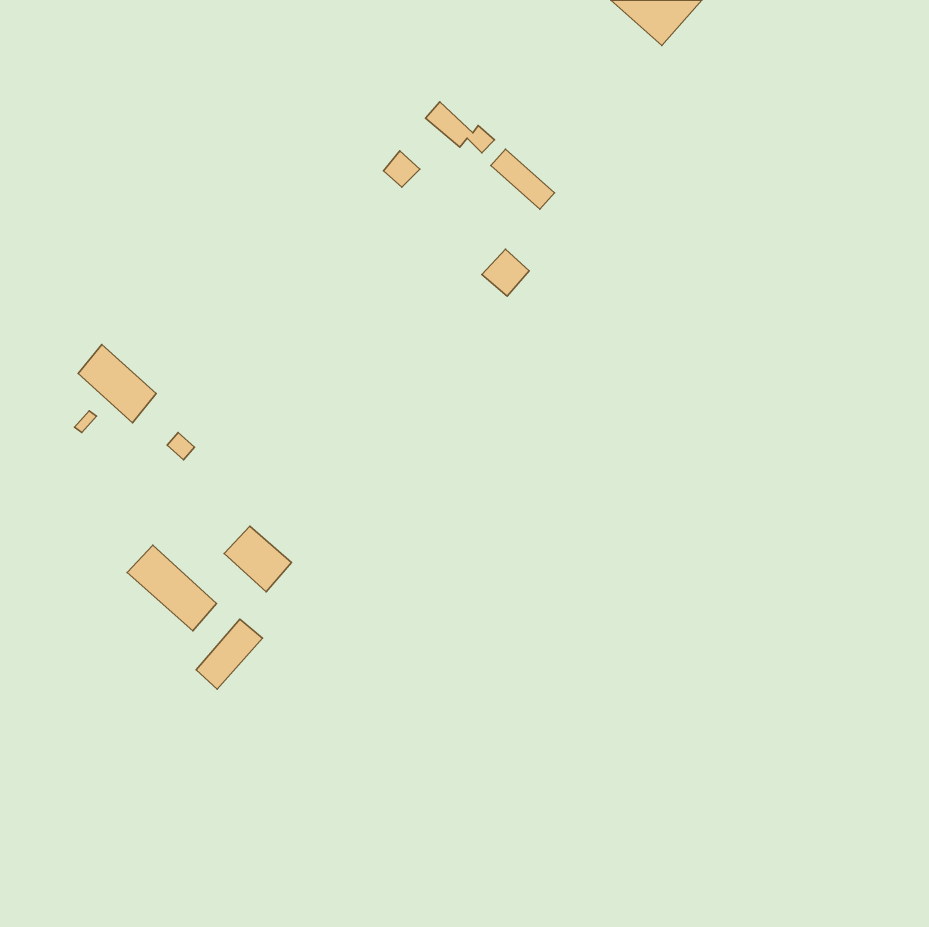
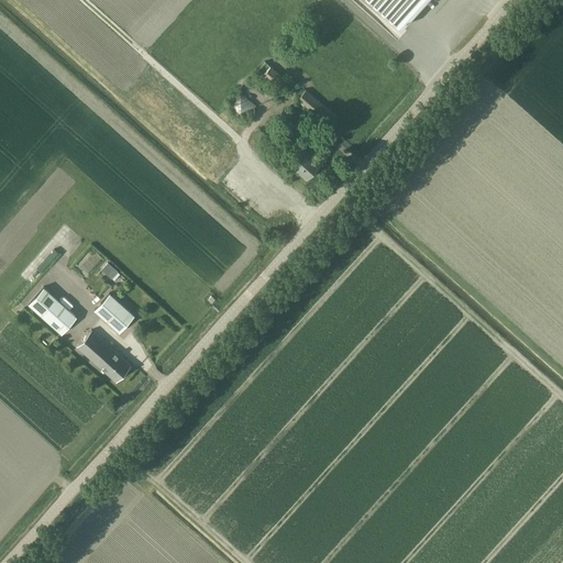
building: [78,345,156,423] -> [29,287,76,334]
building: [224,526,291,592] -> [95,295,135,334]
building: [196,619,262,689] -> none

